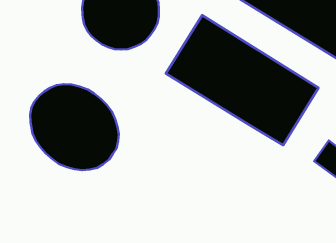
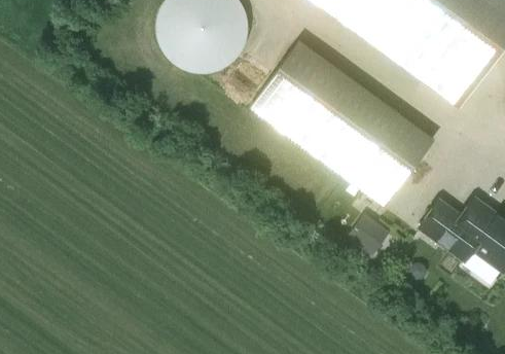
building: [30,84,119,170] -> none
building: none -> [347,214,388,254]

